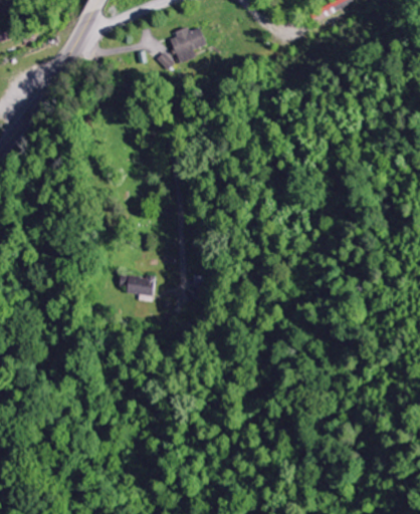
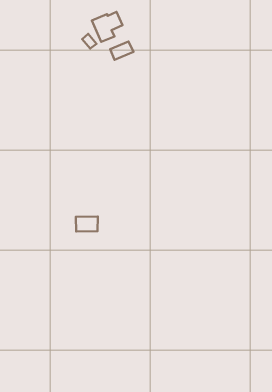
building: none -> [110,41,134,60]

